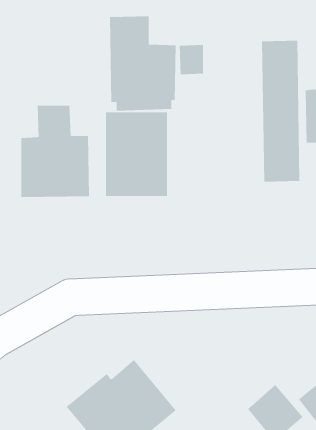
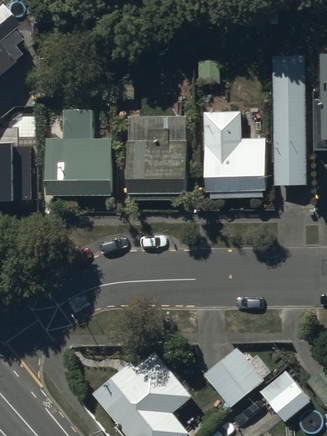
building: [109,16,177,111] -> [206,111,268,199]
building: none -> [202,348,262,407]

